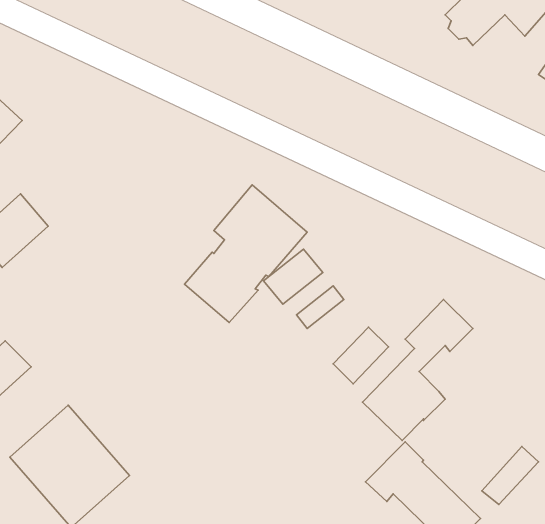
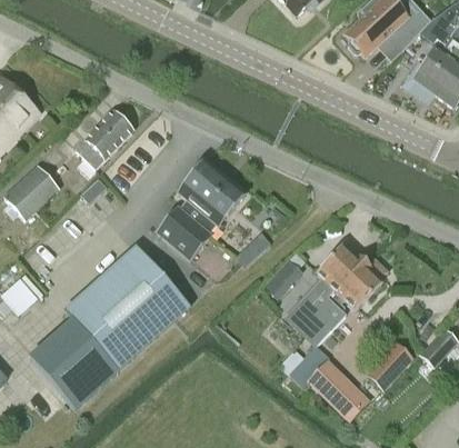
building: none -> [74,110,132,176]
building: [264,249,323,304] -> none
building: none -> [64,247,189,369]
building: none -> [327,257,388,308]

